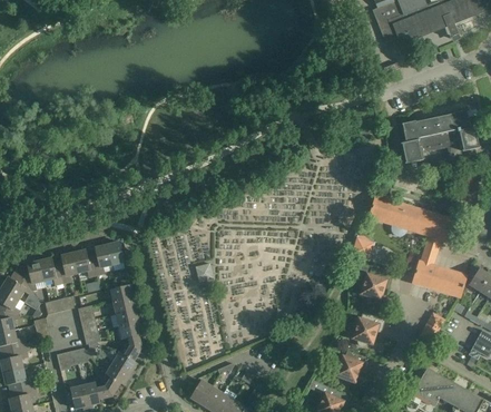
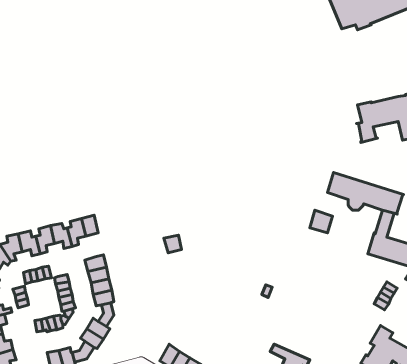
building: [361,268,392,298] -> none
building: [352,312,383,343] -> none
building: [335,350,367,382] -> none

